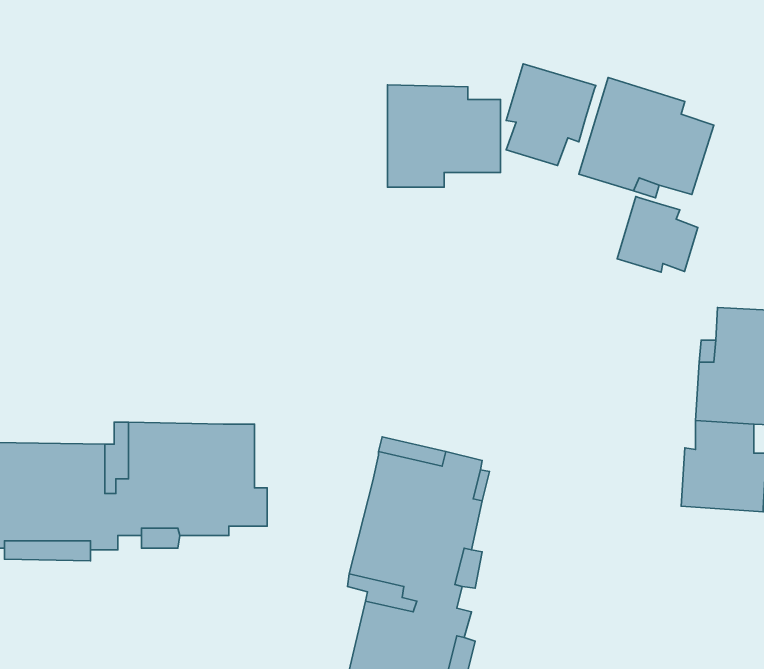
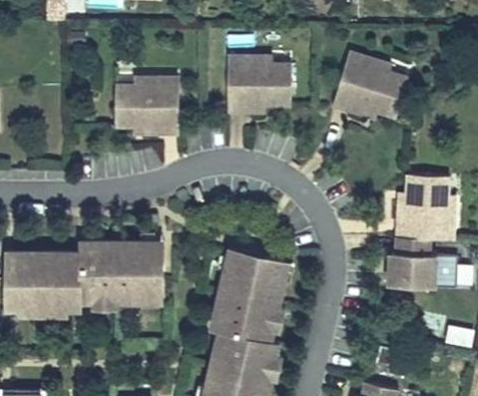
building: [506,64,596,165] -> none
building: none -> [115,77,178,132]
building: [617,197,698,272] -> none

